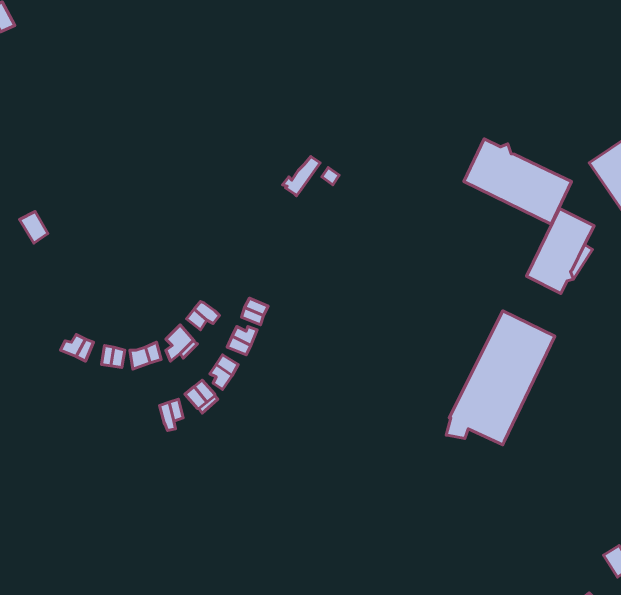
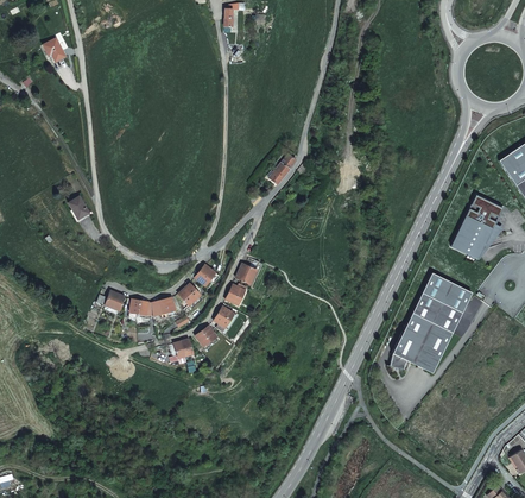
building: [464,139,571,224] -> none

